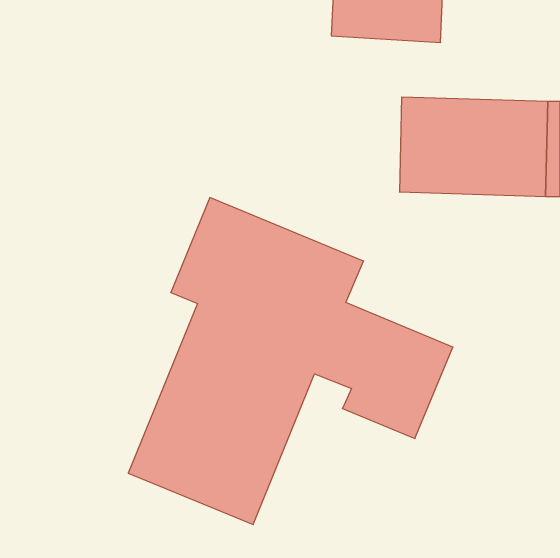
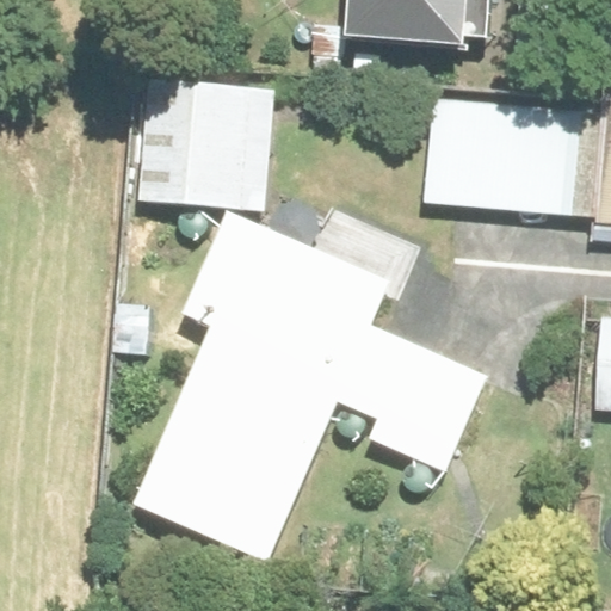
building: none -> [135,72,274,208]

